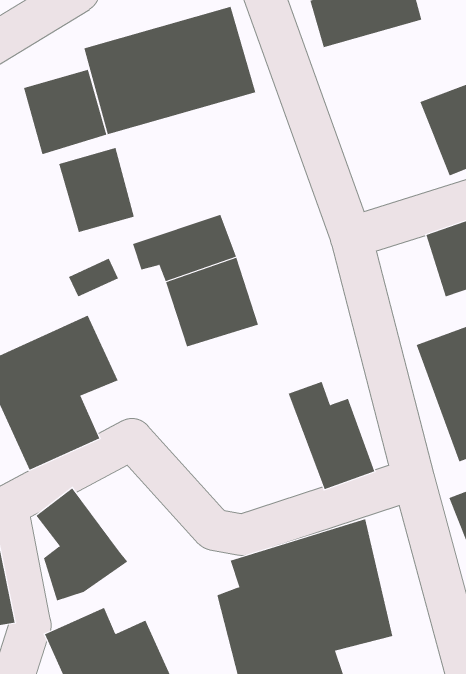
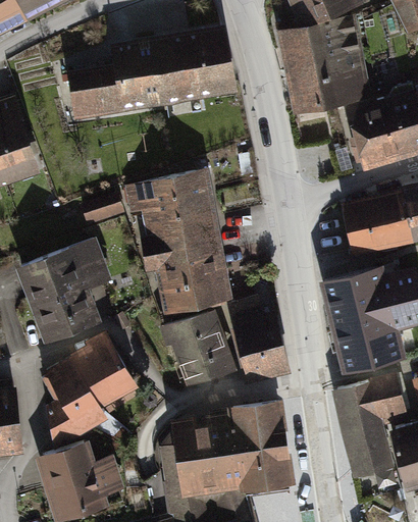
building: none -> [283,53,363,106]
building: [59,147,134,233] -> none
building: none -> [163,257,224,311]
building: none -> [164,312,230,386]
building: none -> [71,338,135,407]

